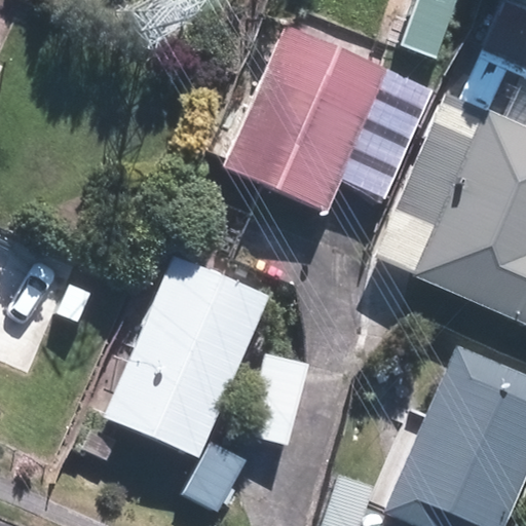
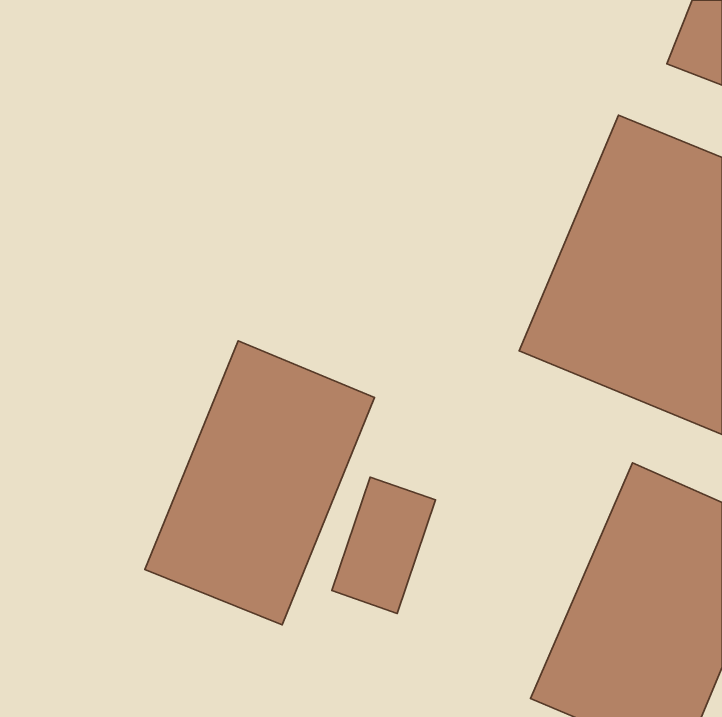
building: [258,41,388,213] -> none

